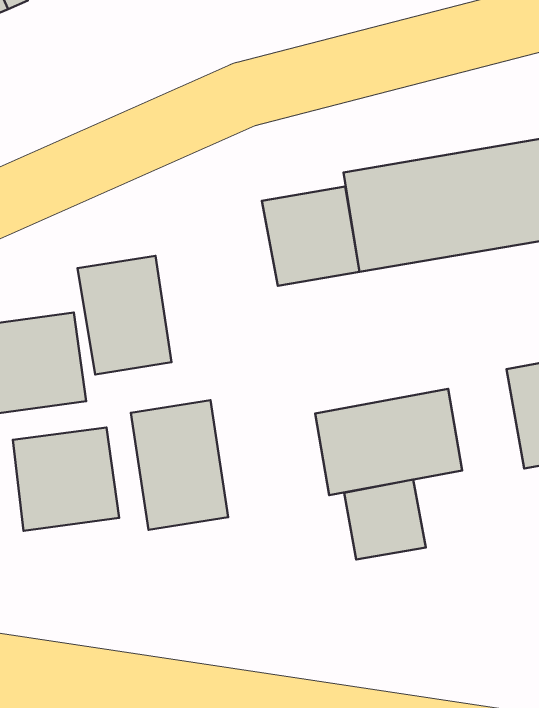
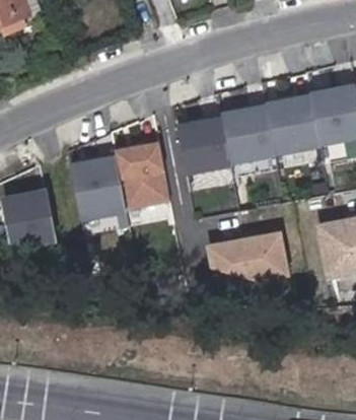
building: [131,400,228,530] -> [113,142,168,216]
building: [13,427,119,531] -> none
building: [344,480,426,559] -> none

